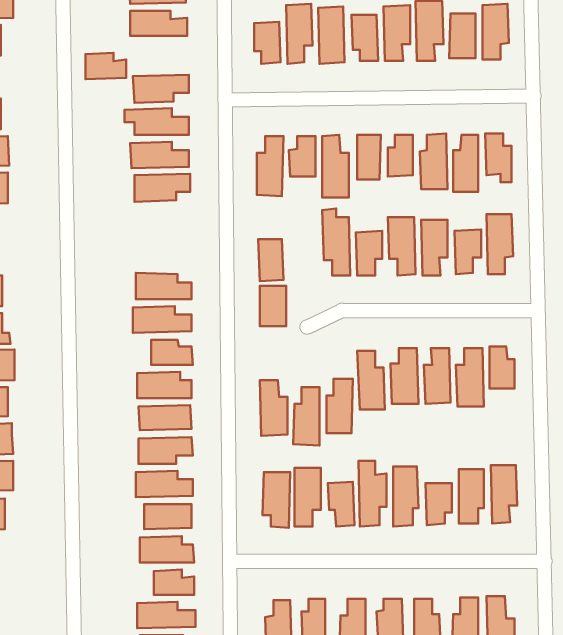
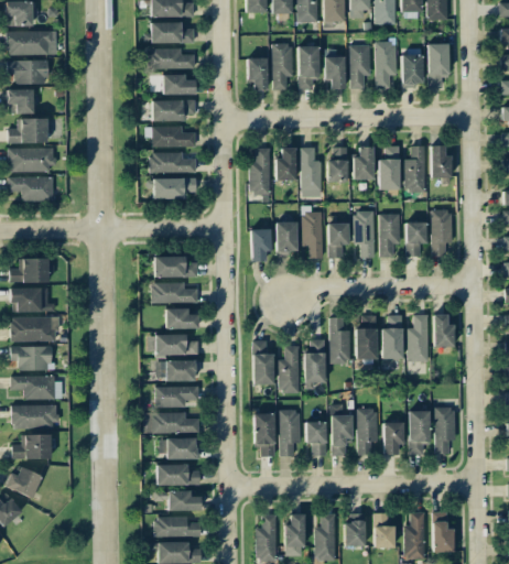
building: [86,53,126,79] -> [163,74,195,95]
building: [260,286,286,326] -> [277,221,297,253]

